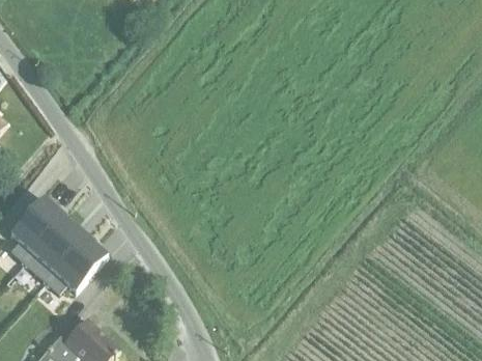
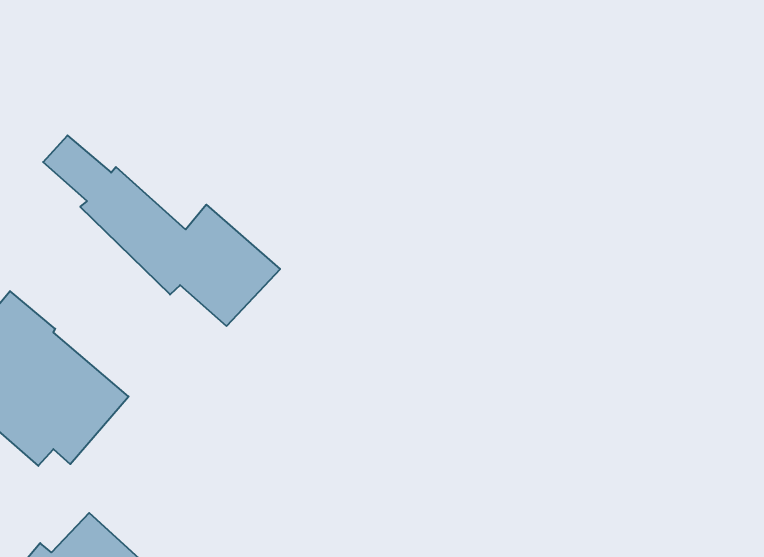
building: none -> [43,135,280,326]

